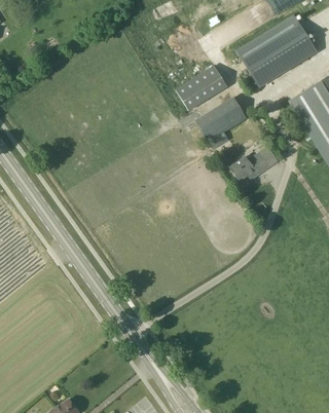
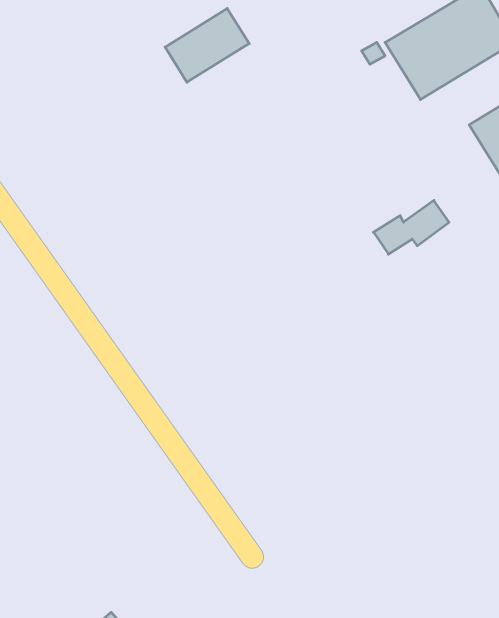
building: [176,65,227,110] -> [165,8,249,82]
building: [194,96,247,142] -> none

